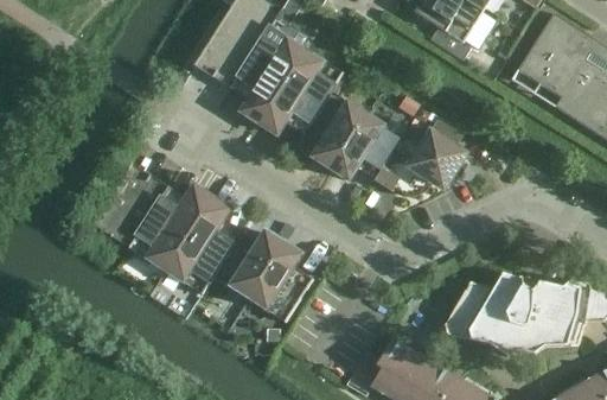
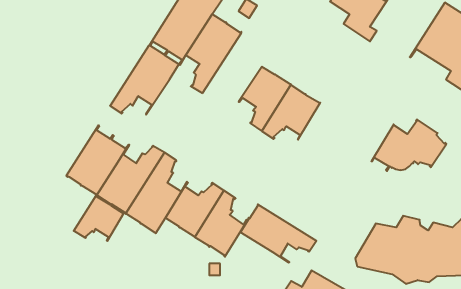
building: [258,50,343,134] -> [110,45,179,115]
building: [375,129,466,192] -> [371,119,446,171]
building: none -> [74,196,123,241]
building: none -> [240,204,316,263]

